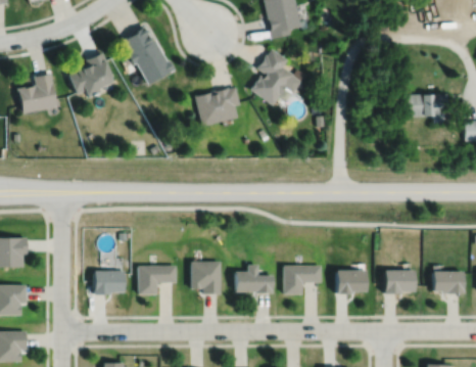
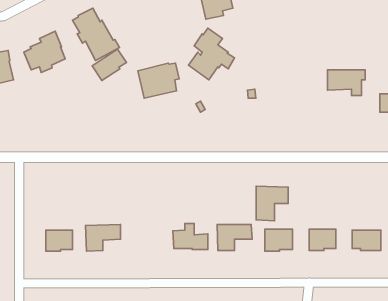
building: none -> [92,49,126,81]
building: none -> [256,186,288,221]
building: [191,264,222,295] -> none

